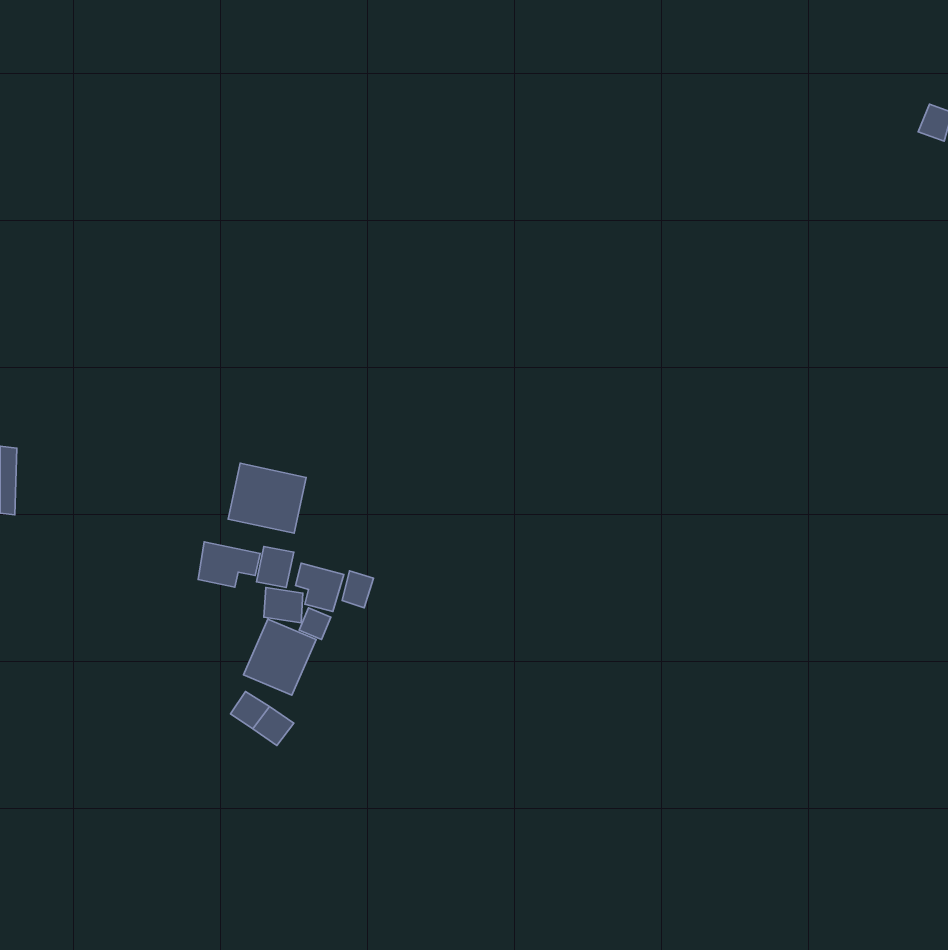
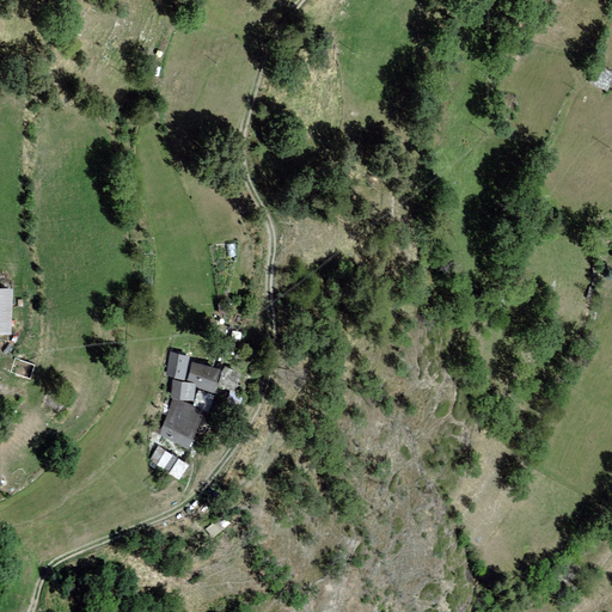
building: [228,463,306,533] -> none
building: [198,542,260,587] -> none

